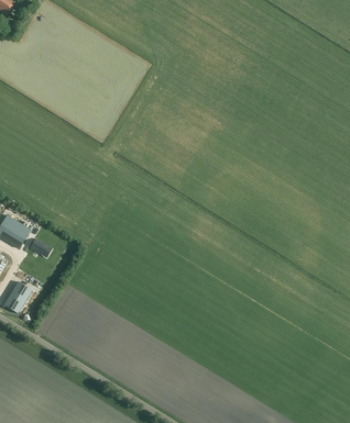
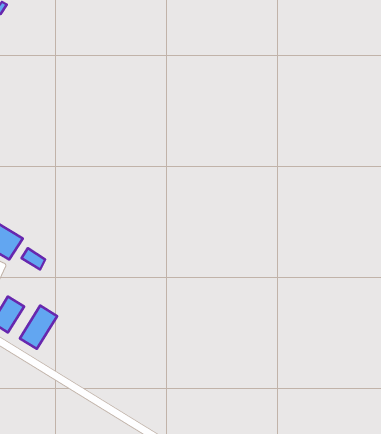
building: none -> [20,306,57,349]

